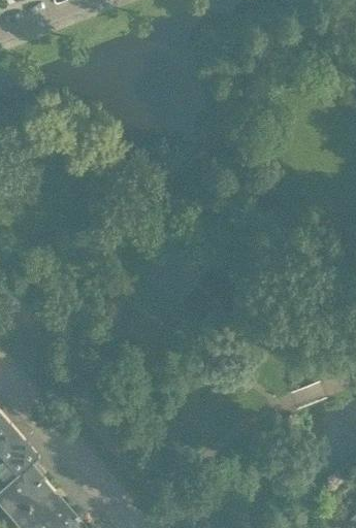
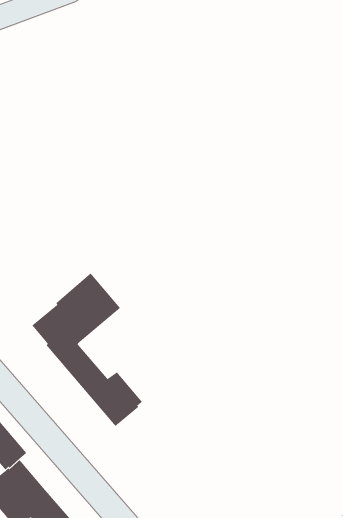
building: none -> [31,273,143,427]

